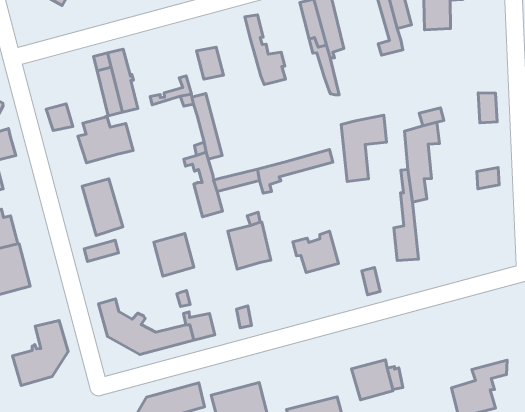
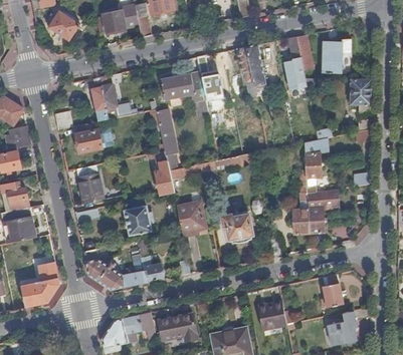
building: none -> [351,78,371,112]
building: none -> [176,71,206,101]
building: [341,115,387,181] -> [308,188,339,233]
building: none -> [321,273,344,307]

